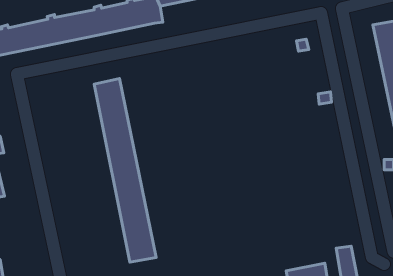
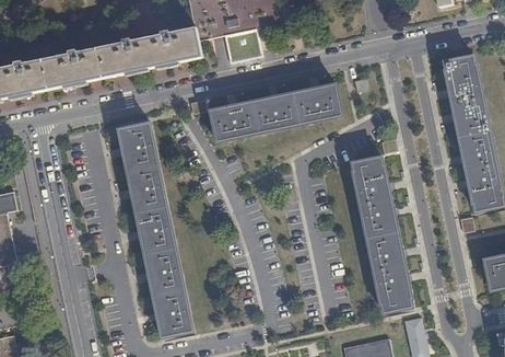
building: none -> [210,83,341,141]
building: none -> [351,156,412,312]

